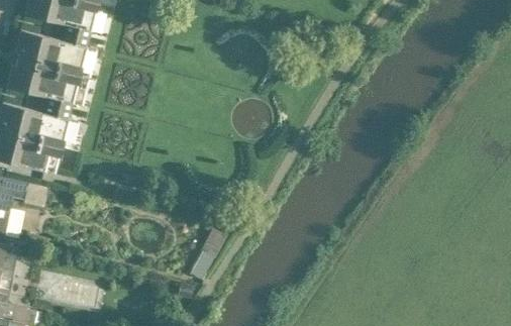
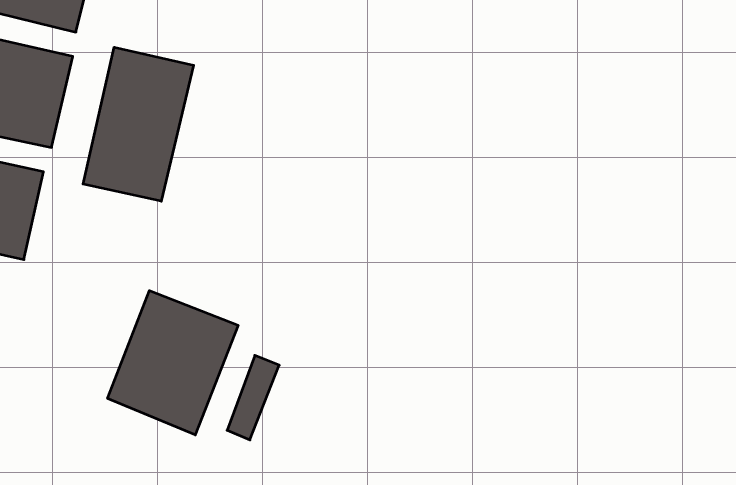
building: none -> [83,47,194,201]
building: none -> [108,291,238,435]

